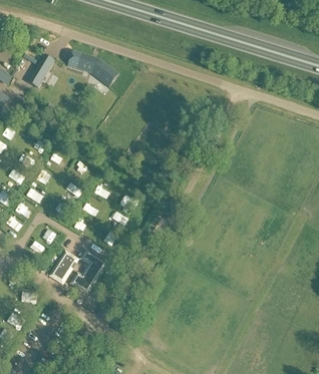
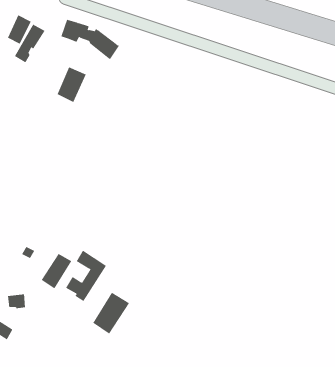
building: none -> [57,67,87,103]
building: none -> [93,292,130,335]

